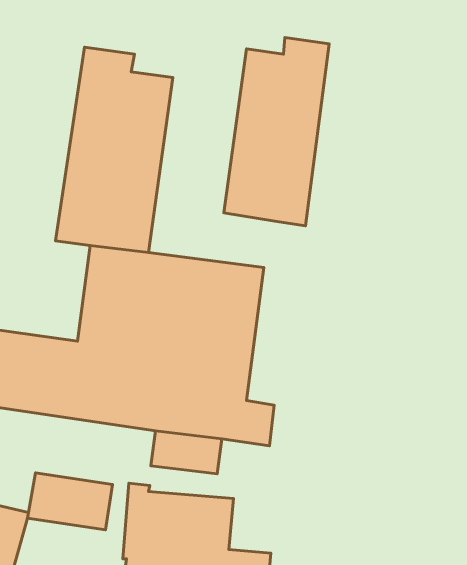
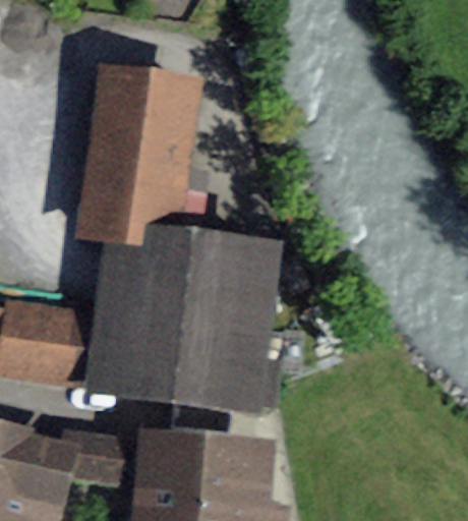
building: [224,37,329,226] -> none

